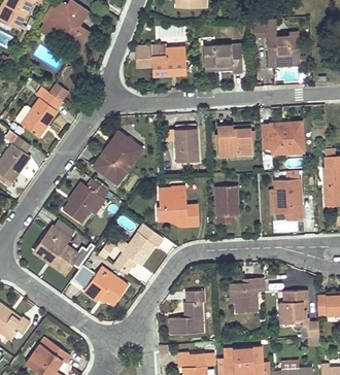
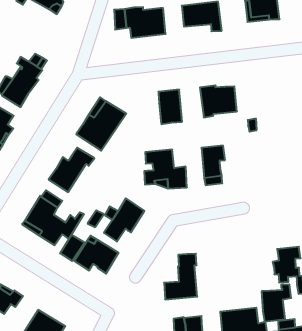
building: [260,121,304,152] -> none
building: [274,178,302,219] -> none
building: [236,277,265,312] -> [262,284,291,321]

